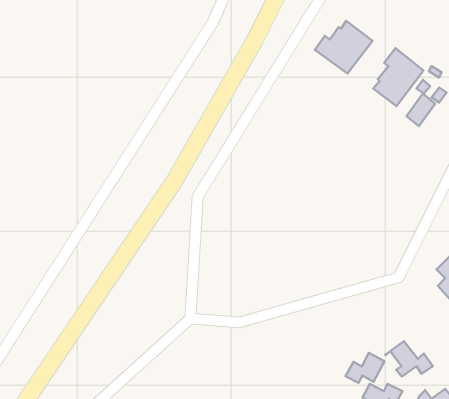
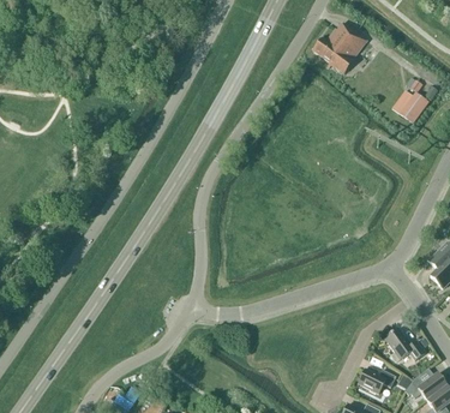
building: [373,48,423,106] -> none
building: [345,353,385,383] -> none

